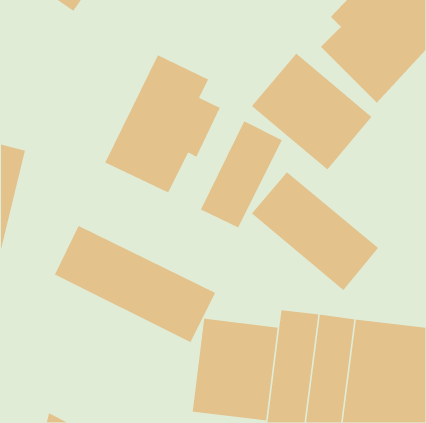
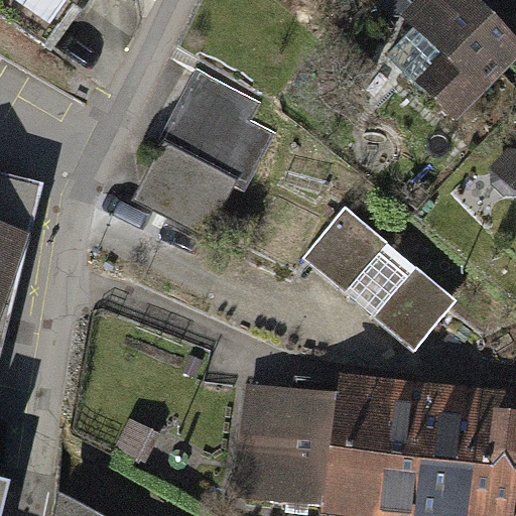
building: [251,53,373,170] -> none
building: [200,120,283,229] -> none
building: [54,225,216,343] -> none

